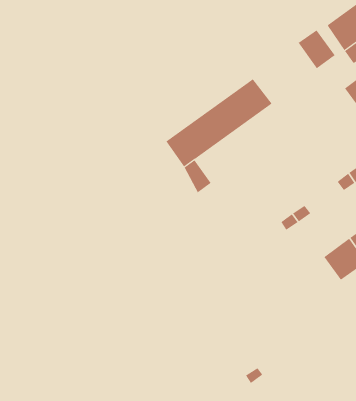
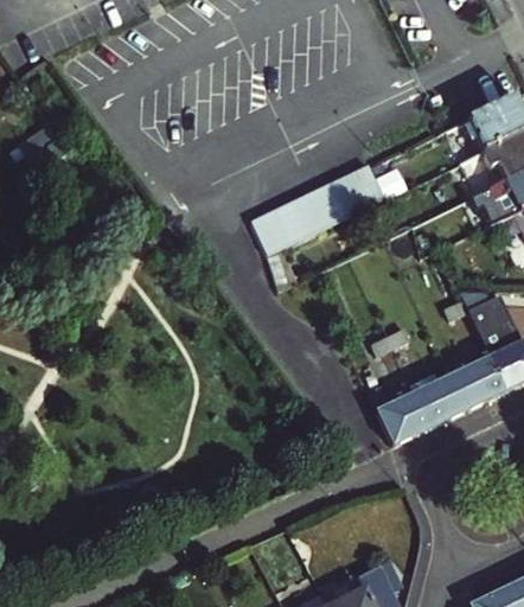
building: [298,29,336,69] -> none
building: none -> [378,392,433,442]

